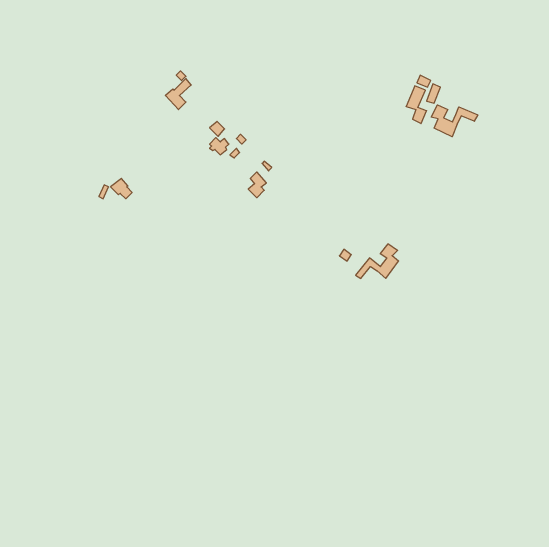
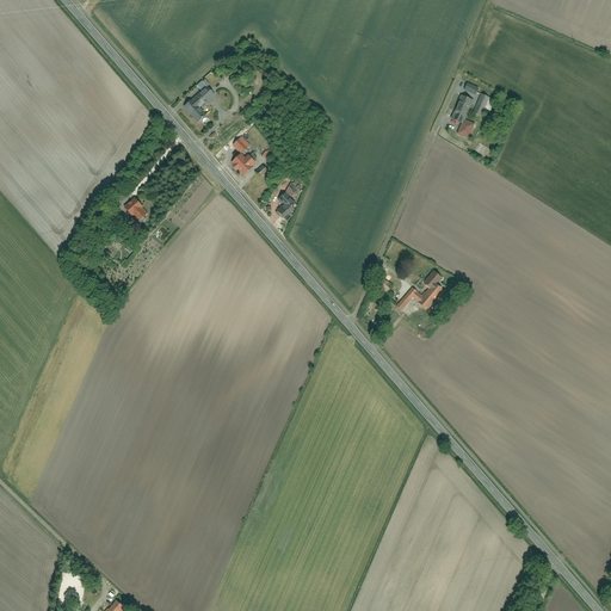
building: [431,105,478,137] -> none

